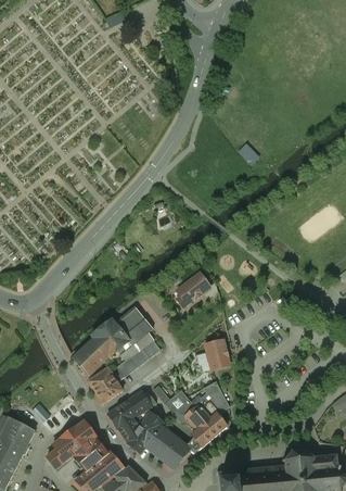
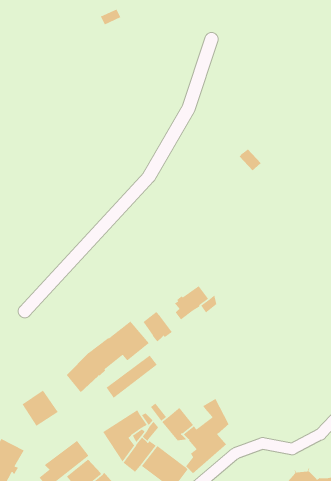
building: none -> [143,311,173,342]
building: [205,339,229,369] -> none
building: [87,367,123,403] -> [21,389,59,427]

